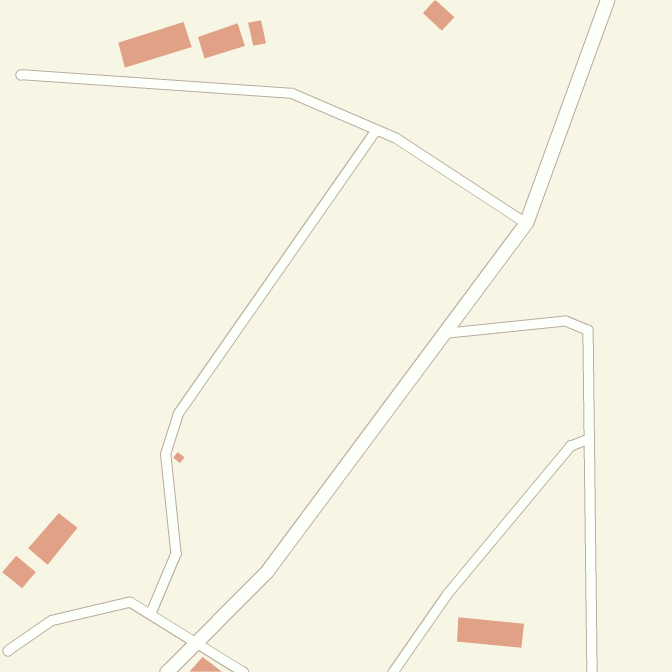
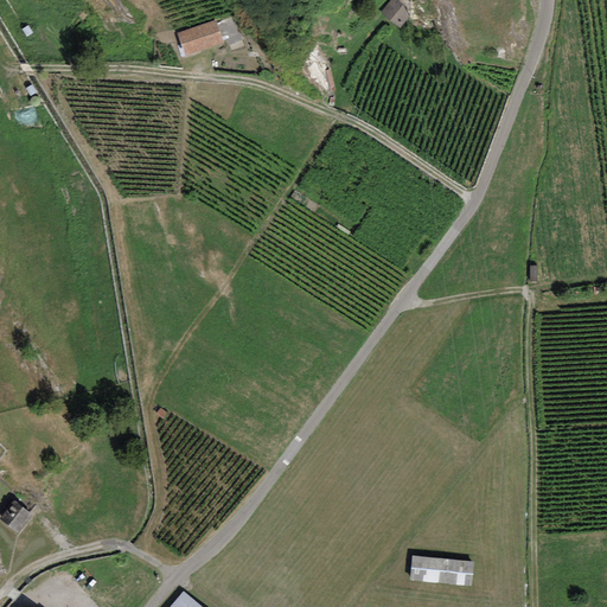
building: [117,21,192,69] -> none
building: [27,512,79,566] -> none

